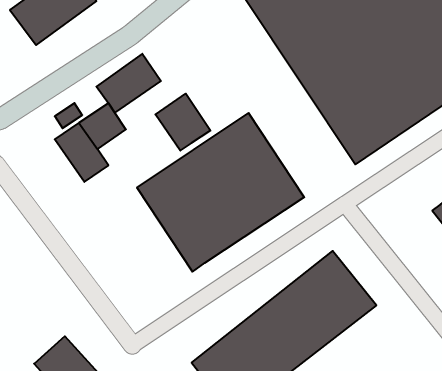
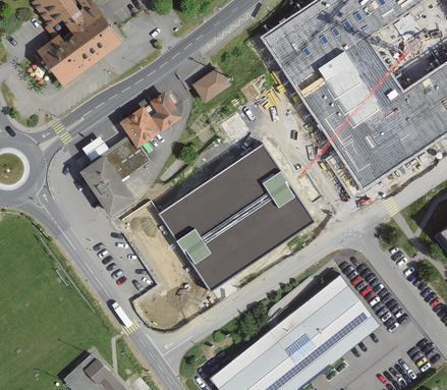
building: none -> [194,67,229,99]
building: [155,94,210,151] -> none

